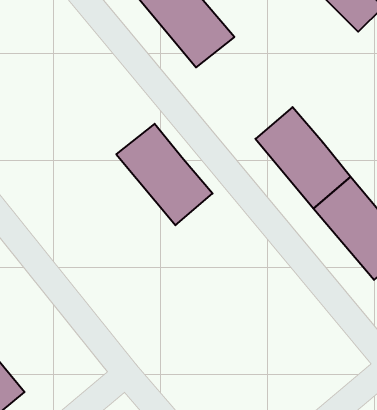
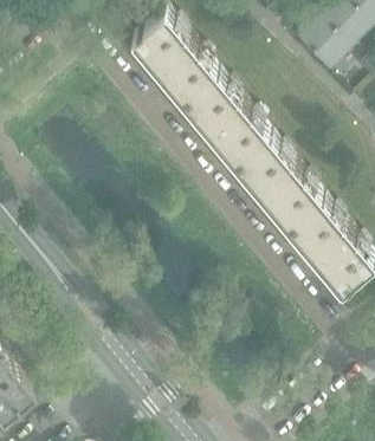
building: [116,124,213,225] -> [179,78,265,169]

